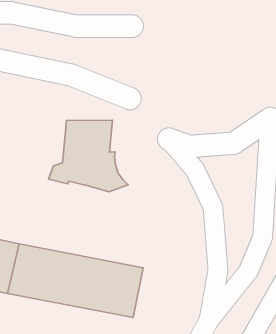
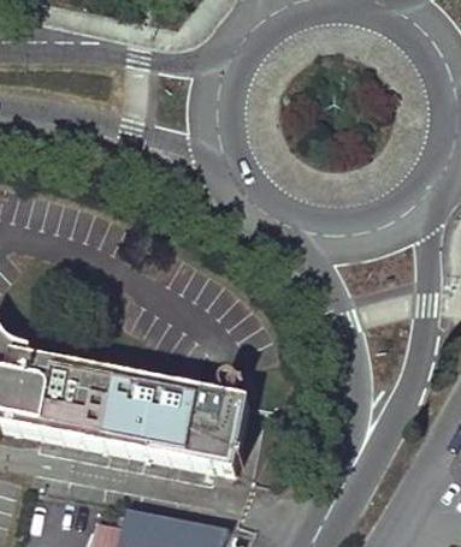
building: [49,120,128,192] -> none

